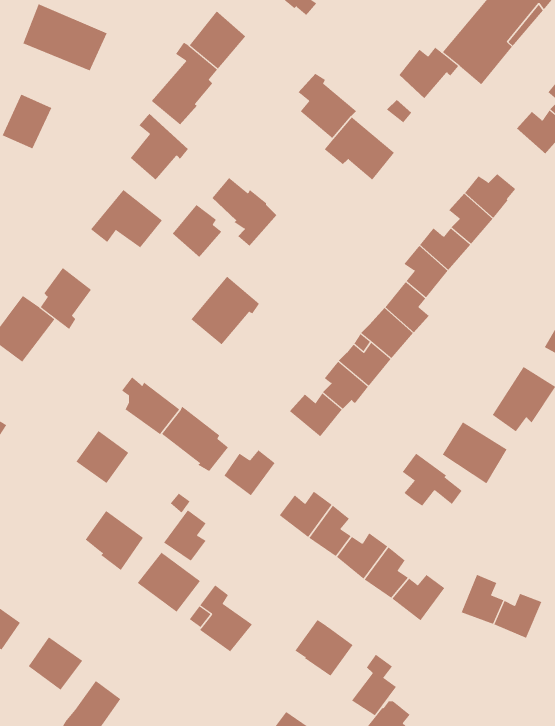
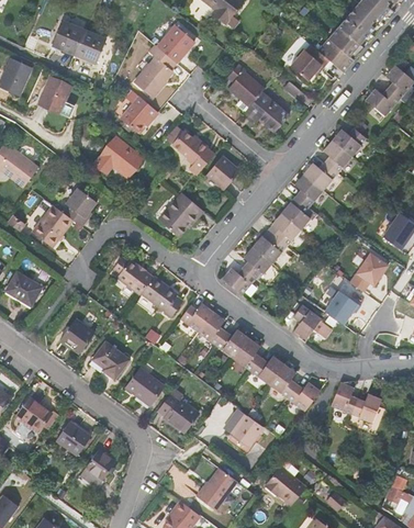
building: [172,204,222,258] -> [206,155,238,189]
building: [76,430,129,484] -> [60,318,94,352]
building: [163,510,207,562] -> [198,311,225,344]
building: [351,654,397,716] -> none

